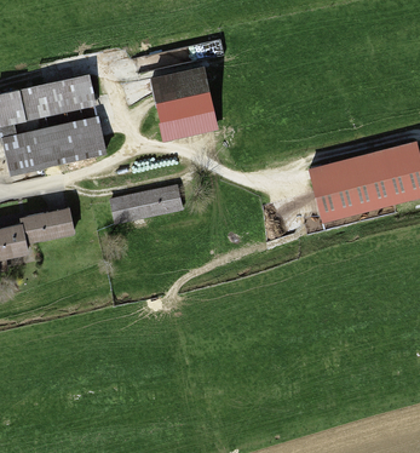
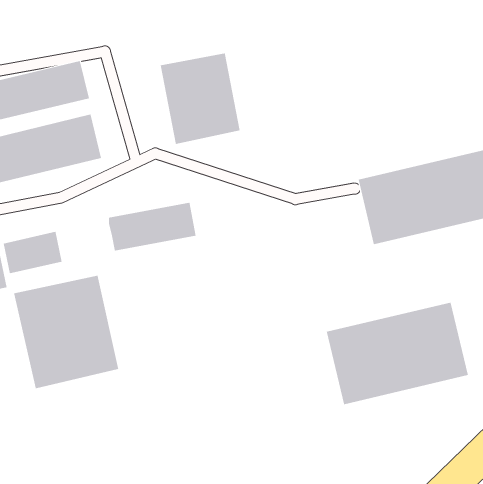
building: none -> [14,275,119,389]
building: none -> [326,302,469,405]

